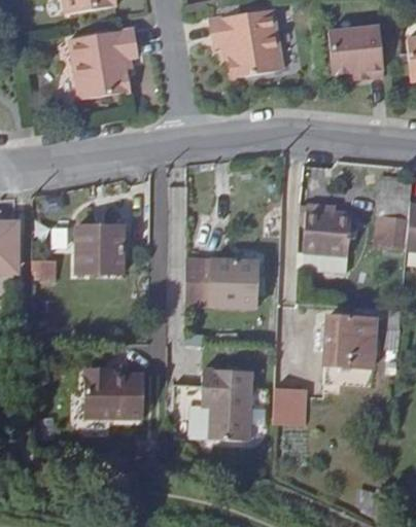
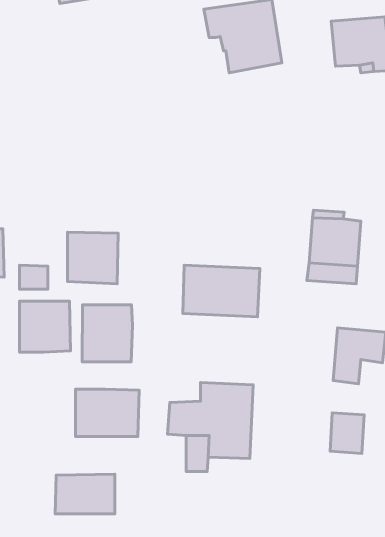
building: [74,28,141,99] -> none
building: none -> [20,301,70,352]
building: none -> [82,305,133,362]
building: [274,389,306,427] -> [330,413,364,453]
building: none -> [55,474,115,514]

